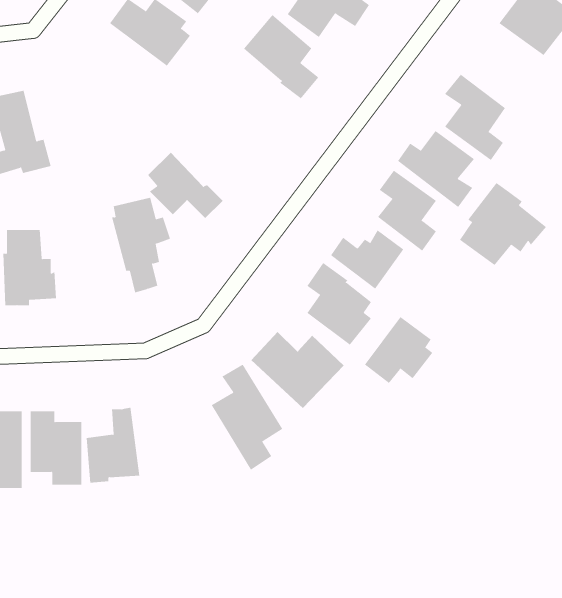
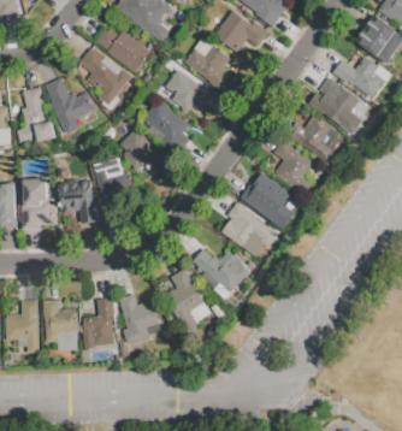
building: none -> [78,48,131,104]
building: none -> [330,55,388,101]
building: none -> [164,67,220,112]
building: none -> [43,76,95,134]
building: none -> [143,99,190,153]
building: [459,182,547,266] -> none
building: none -> [60,177,102,225]
building: [364,316,433,384] -> none
building: none -> [118,293,159,342]

